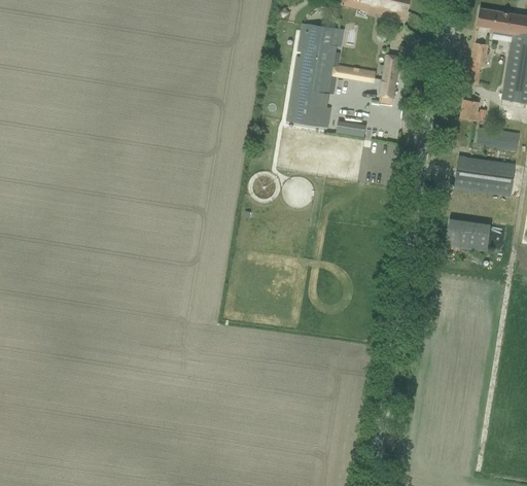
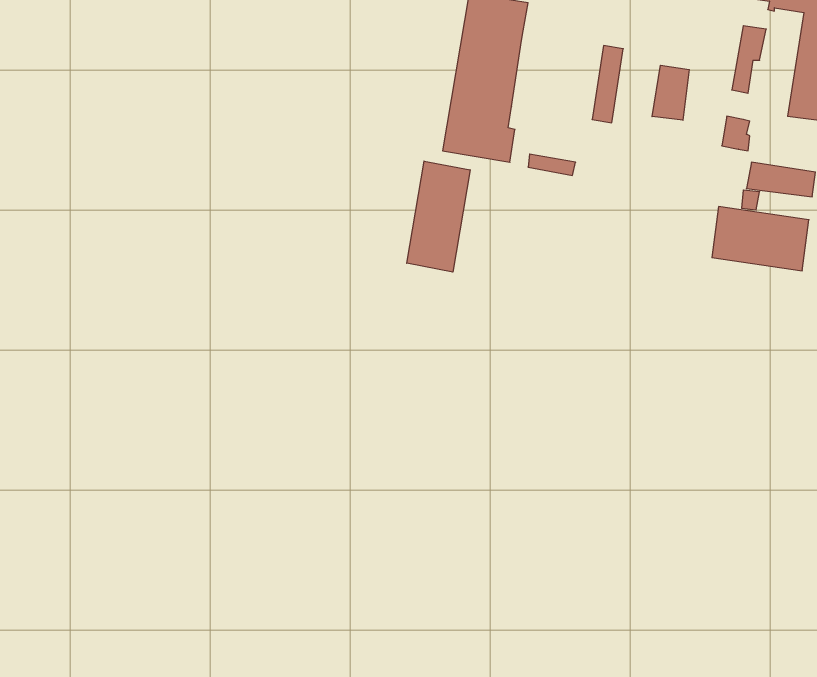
building: none -> [652,65,689,120]
building: none -> [407,161,470,272]
building: [449,219,496,252] -> none

